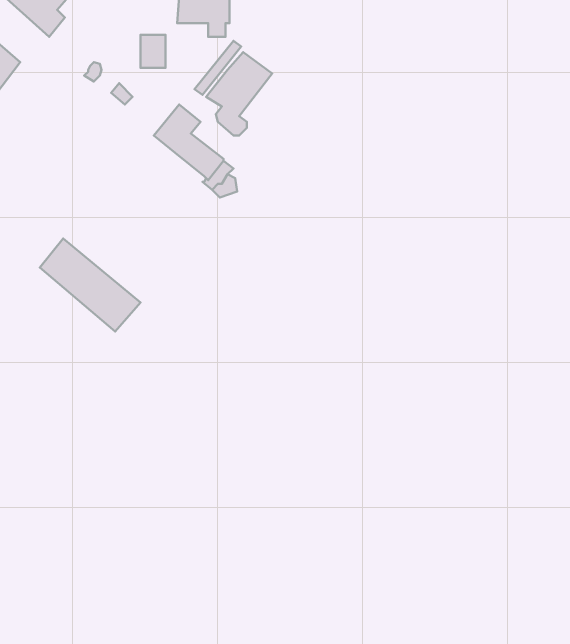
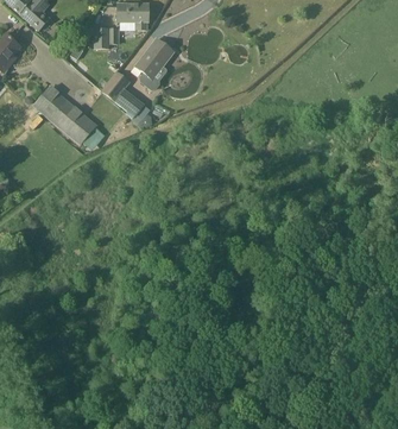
building: [40,239,140,331] -> [36,86,97,143]

